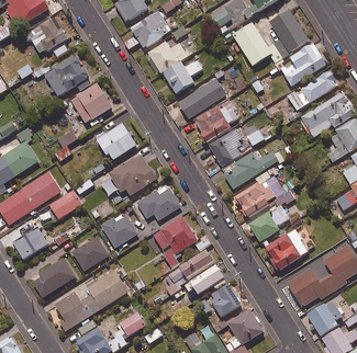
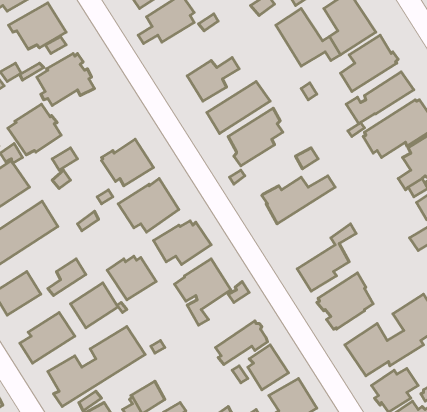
building: [147,41,188,73] -> none
building: [70,82,112,122] -> [8,104,61,155]
building: [209,127,243,166] -> none
building: [233,180,275,217] -> none
building: [48,189,82,218] -> none
building: [165,249,213,297] -> none

